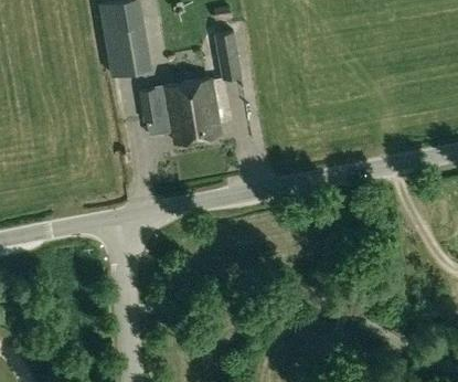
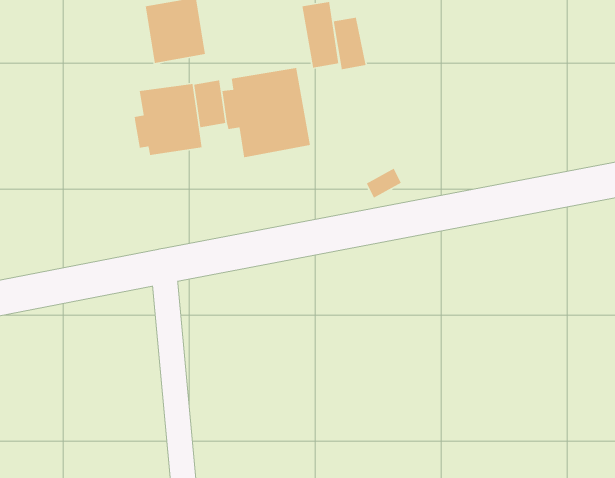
building: none -> [333,17,366,70]
building: none -> [134,83,202,156]

